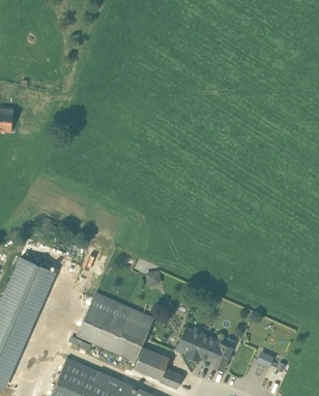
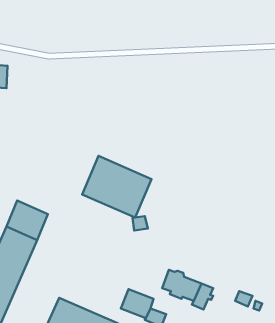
building: [78,293,152,360] -> [82,156,151,218]

